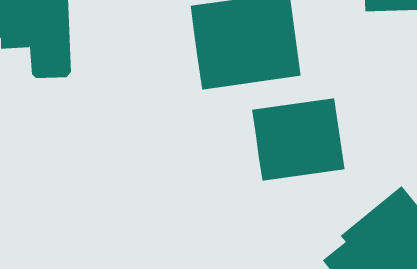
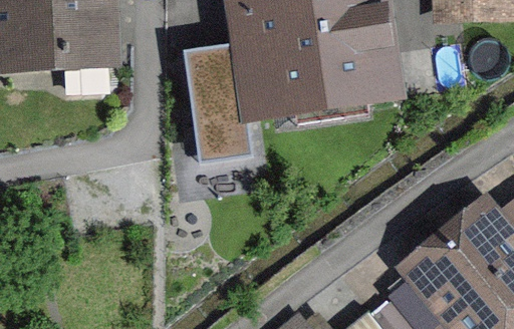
building: none -> [184,41,253,160]
building: [252,98,345,182] -> none

